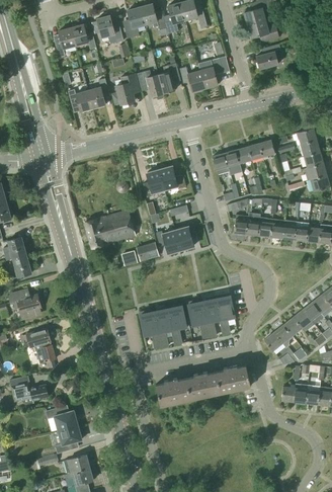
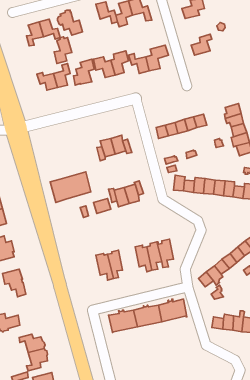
building: [123,6,145,38] -> [54,37,72,63]
building: [248,20,278,40] -> none
building: [167,303,187,337] -> none

